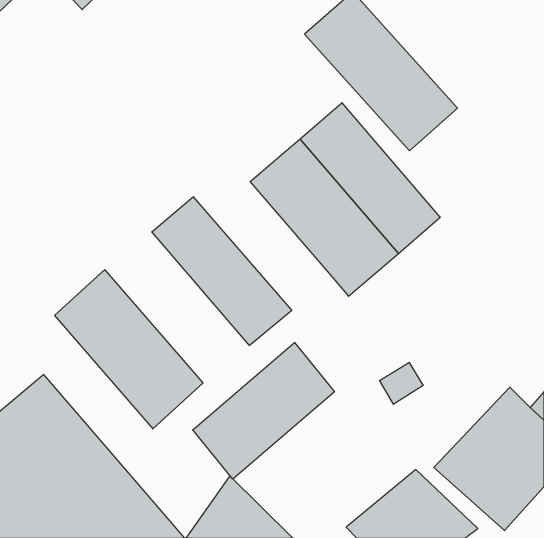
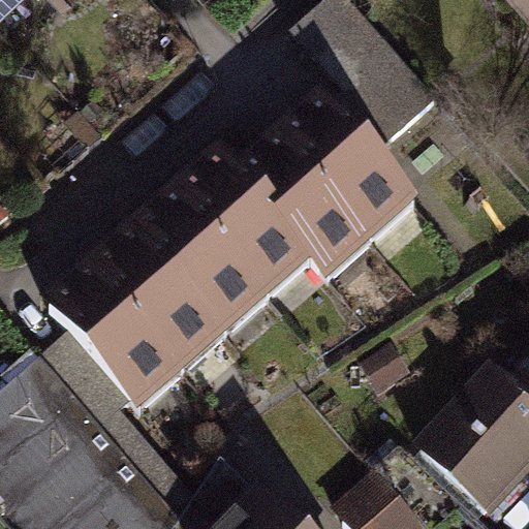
building: none -> [187,157,320,300]
building: none -> [101,224,241,370]
building: [193,342,335,479] -> none

